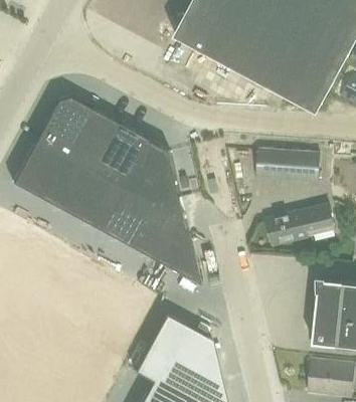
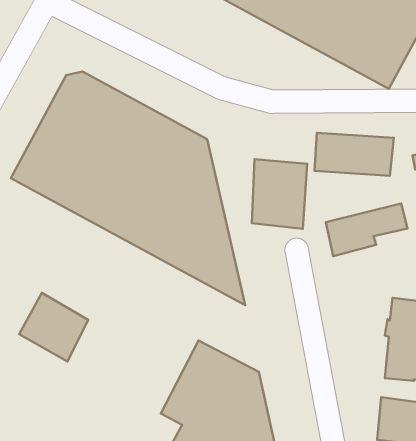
building: none -> [252,159,307,229]
building: none -> [19,293,88,361]

